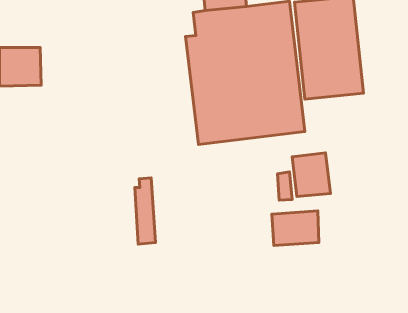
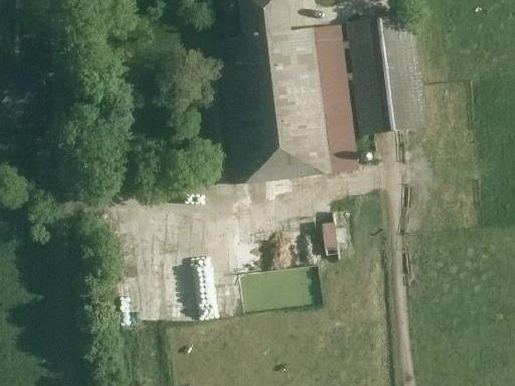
building: [292,153,331,197] -> none
building: [272,211,319,246] -> none

